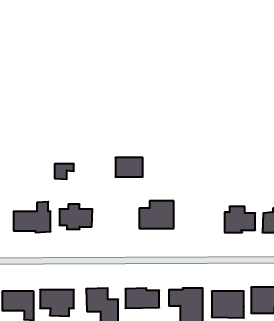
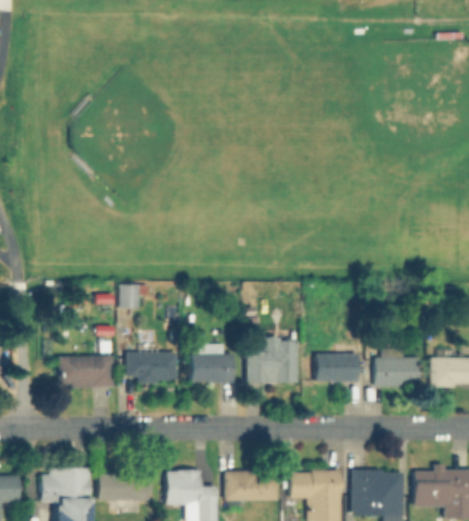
building: [115,158,143,177] -> [192,354,233,383]
building: none -> [315,347,358,381]

